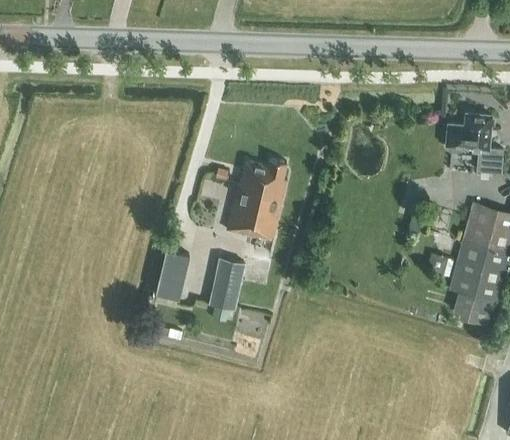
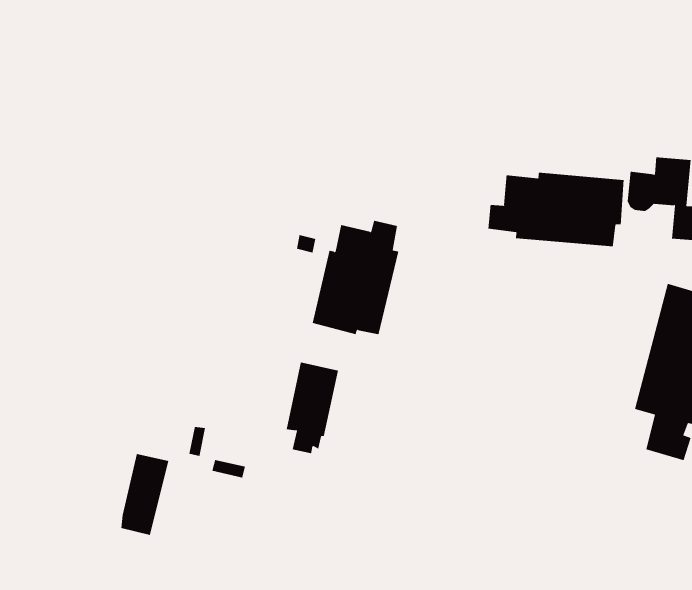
building: none -> [488,172,624,247]
building: [155,250,189,307] -> [120,454,169,535]

